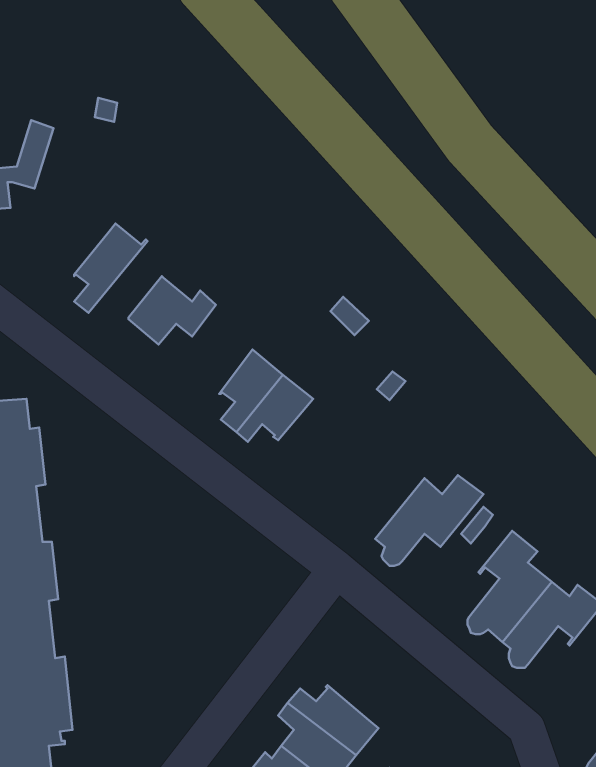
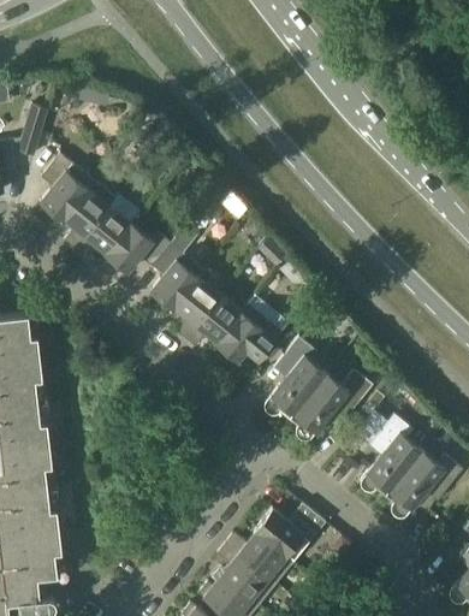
building: none -> [41,155,95,221]
building: none -> [75,196,139,259]
building: none -> [150,225,204,312]
building: none -> [218,300,289,363]
building: none -> [265,338,328,421]
building: none -> [255,504,326,564]

